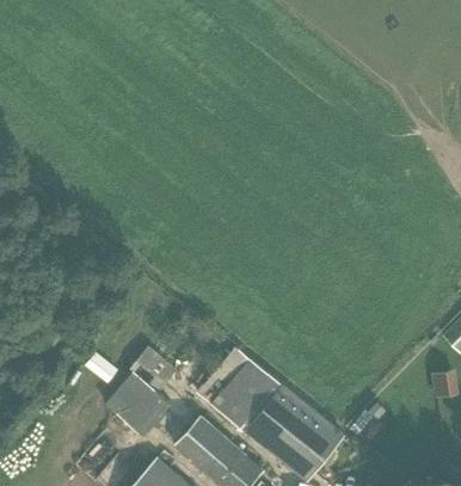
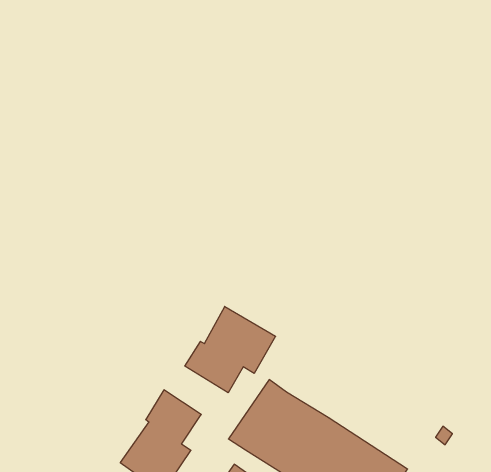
building: none -> [185,306,276,393]

